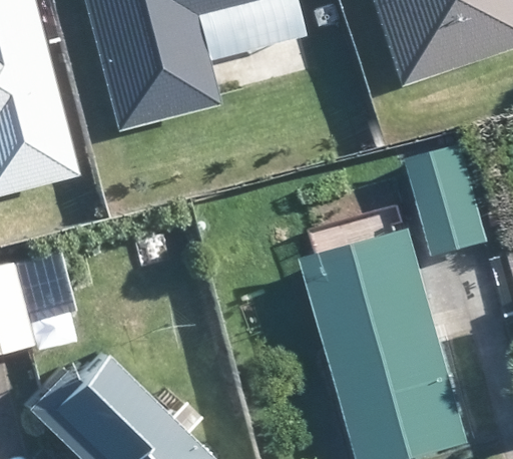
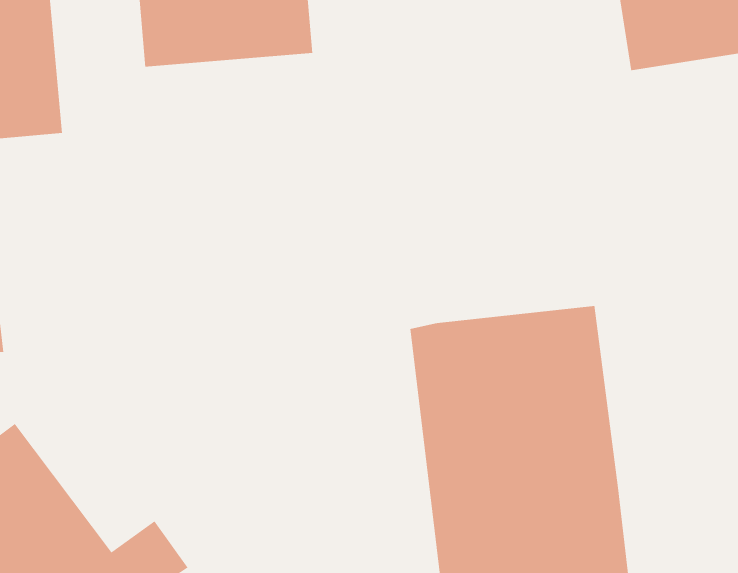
building: [403,140,485,254] -> none

